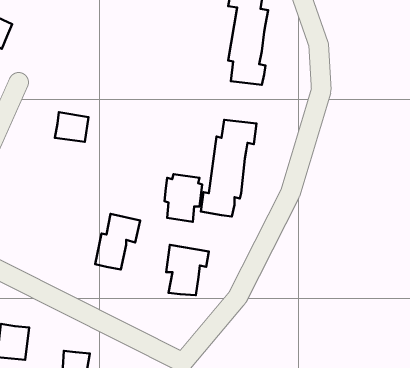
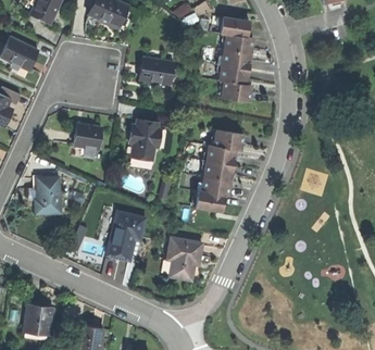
building: none -> [138,57,173,83]
building: none -> [35,176,60,213]
building: [165,174,202,222] -> [128,120,160,160]

